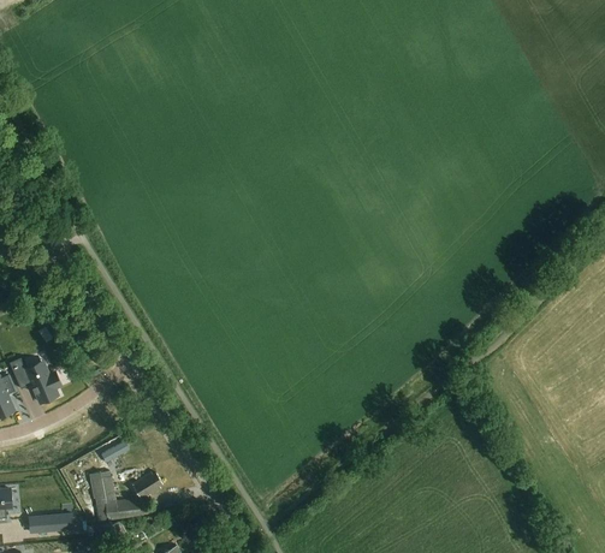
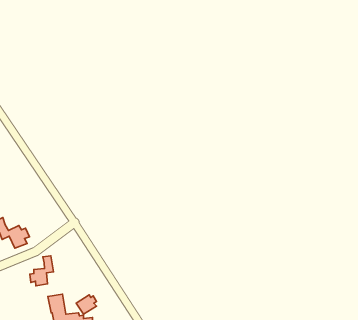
building: none -> [30,256,54,286]

